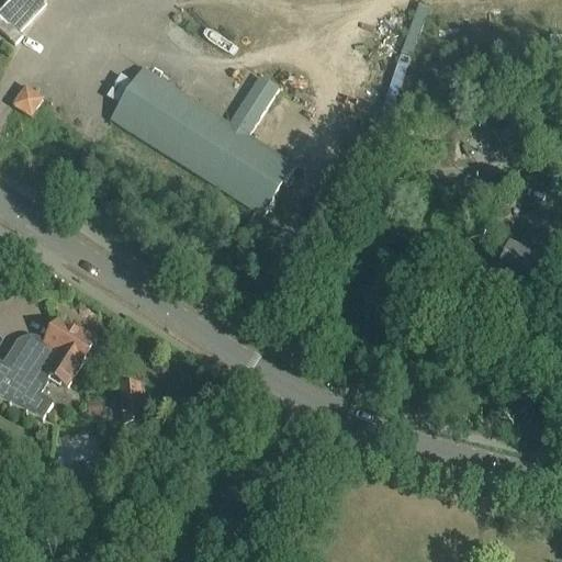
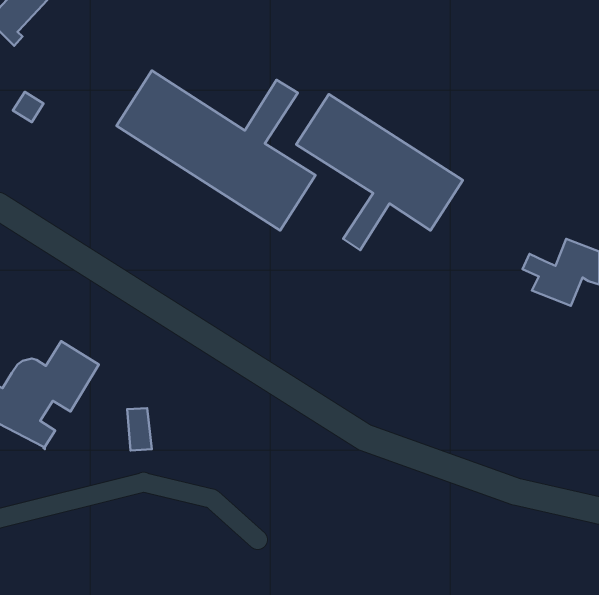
building: none -> [296,94,463,250]

